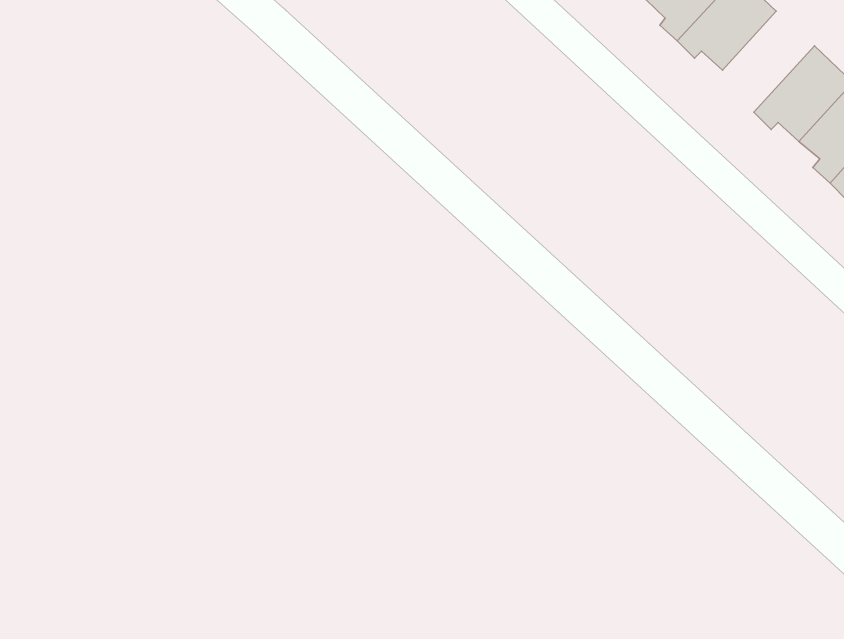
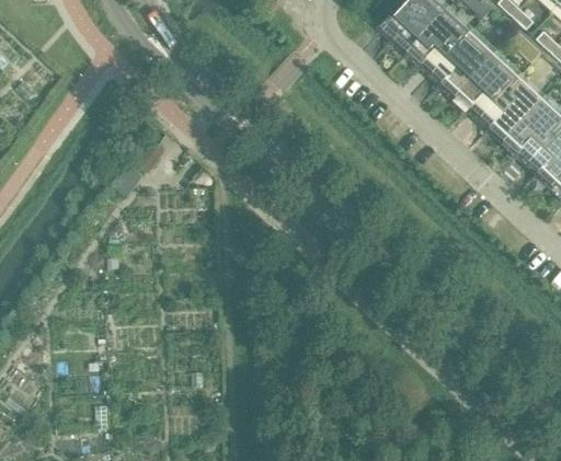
building: none -> [458,54,516,117]

